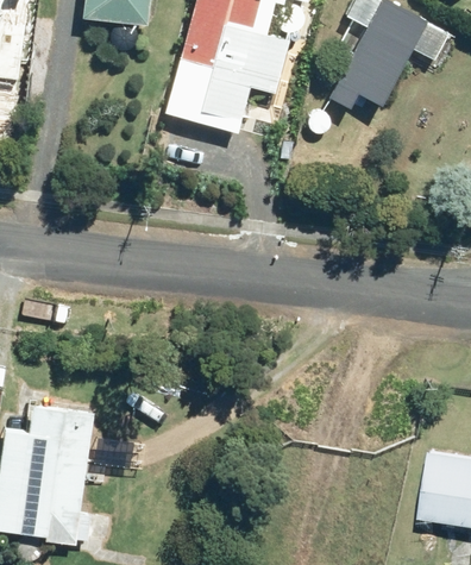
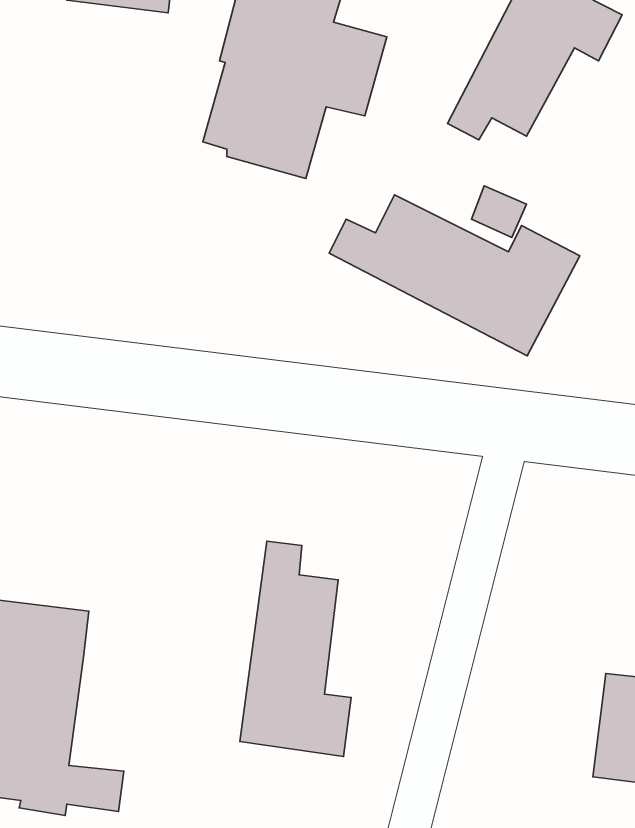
building: none -> [329,195,580,356]
building: none -> [240,541,351,756]

